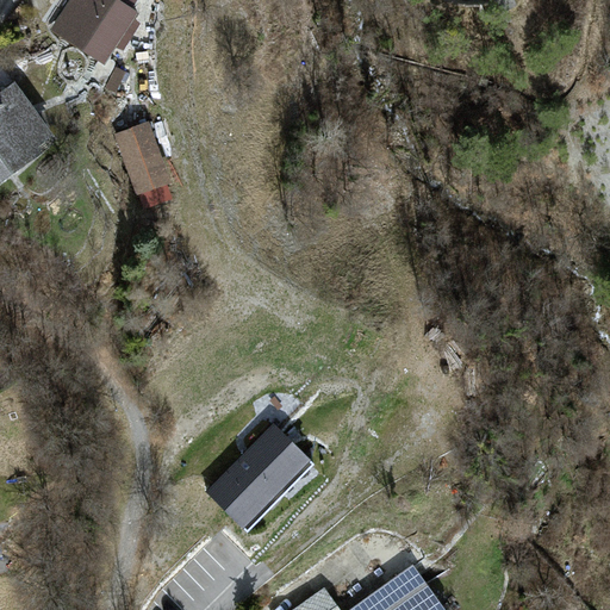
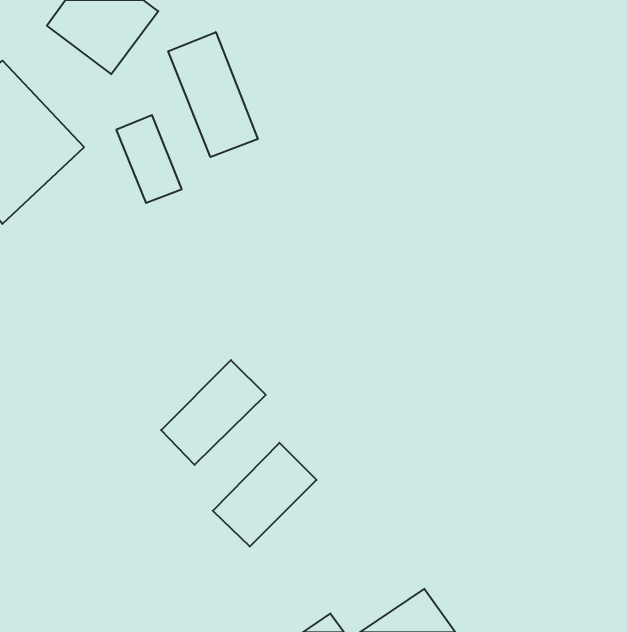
building: none -> [168,32,258,157]
building: none -> [161,360,266,465]

